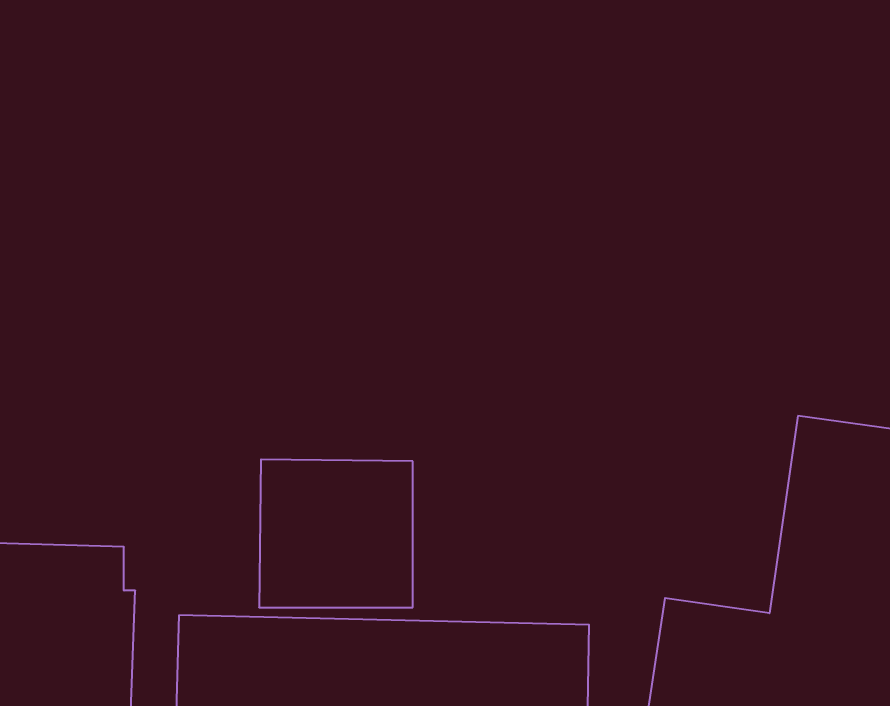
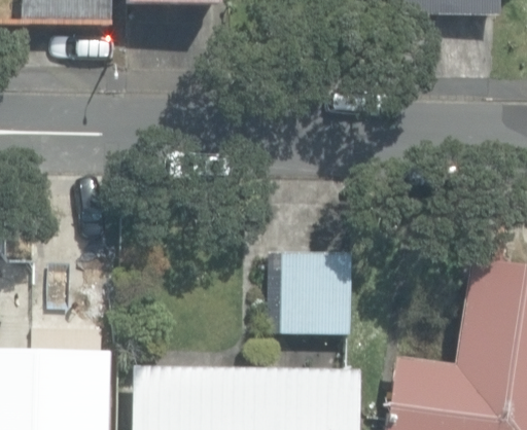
building: [259,459,413,607] -> [268,253,351,333]

